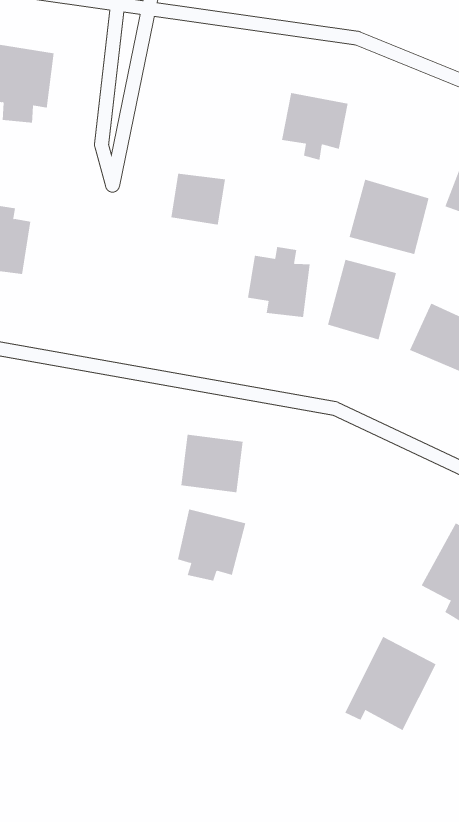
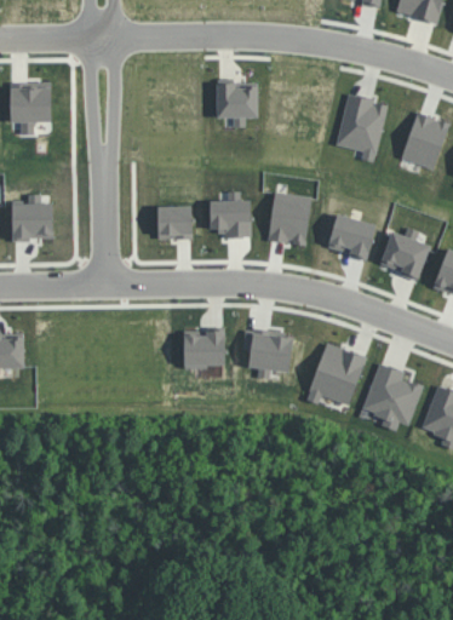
building: [171,173,226,225] -> [157,206,191,239]
building: [349,179,429,255] -> none
building: [177,509,246,581] -> [248,331,292,378]
building: [344,636,436,731] -> [306,343,365,406]

